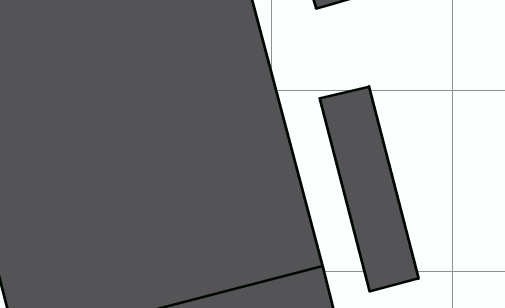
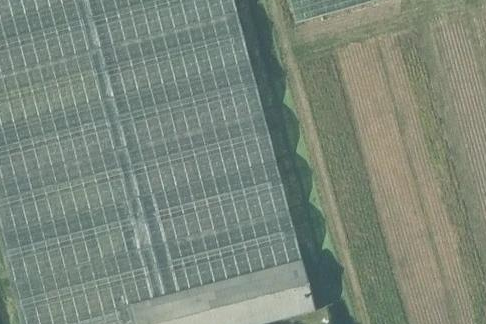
building: [320,86,418,291] -> none

